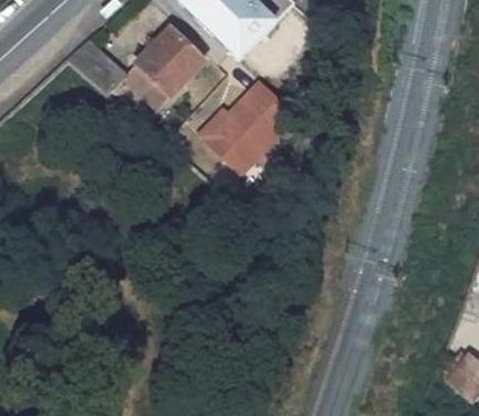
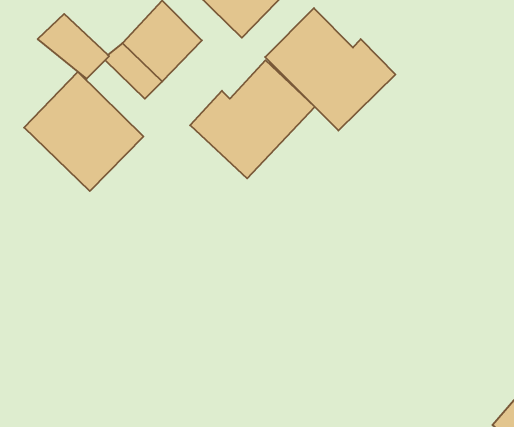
building: none -> [265,8,395,131]
building: none -> [24,72,143,191]

